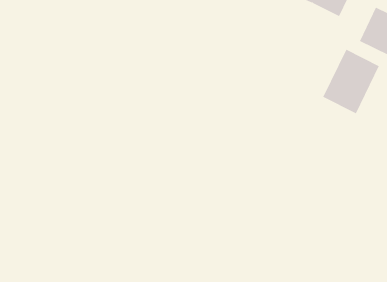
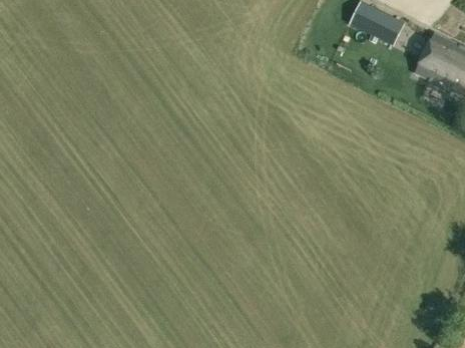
building: [323,49,380,114] -> none

